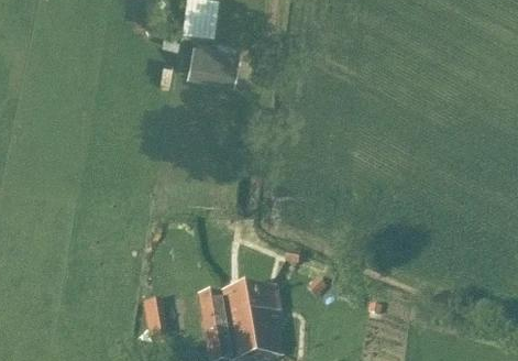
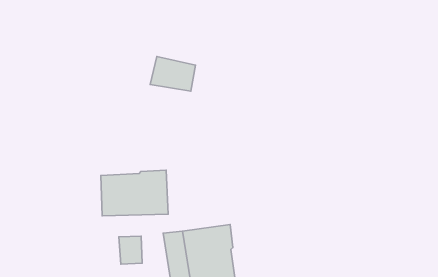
building: [186,45,238,85] -> [150,56,196,91]
building: none -> [101,170,168,216]

